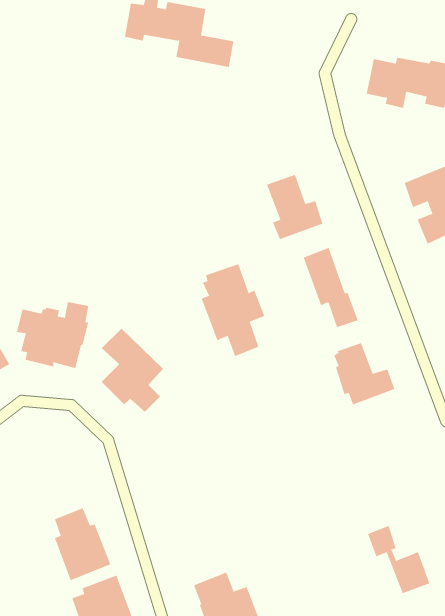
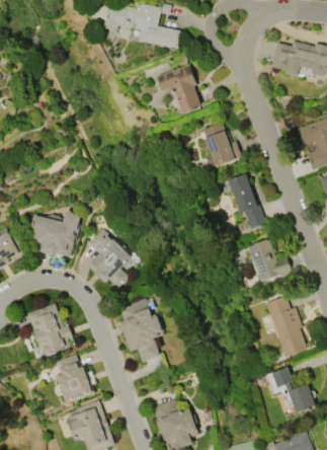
building: none -> [158,65,200,113]
building: [201,263,265,357] -> [118,298,163,363]
building: none -> [265,296,307,357]
building: none -> [27,303,72,358]

